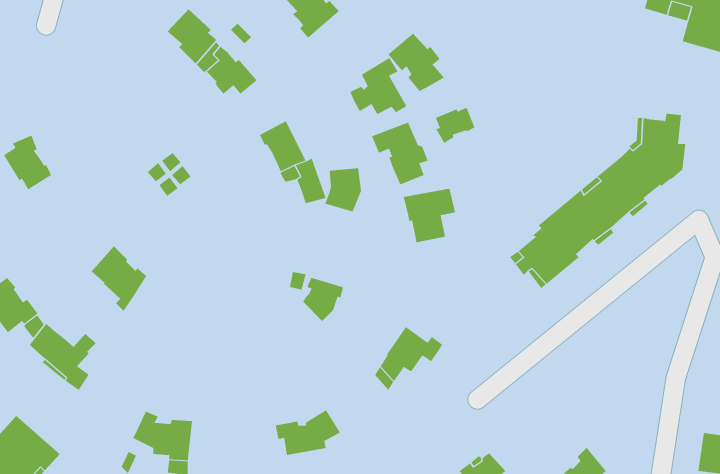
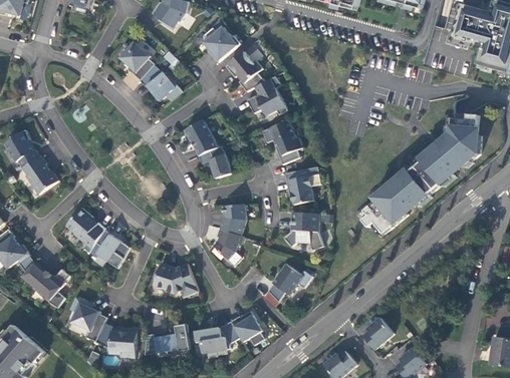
building: [387,33,445,92] -> [224,49,264,90]
building: [435,107,475,144] -> none
building: [324,168,362,212] -> [219,203,245,234]
building: none -> [22,154,57,194]
building: none -> [283,211,322,249]
building: none -> [95,229,122,267]
building: none -> [153,262,198,296]
building: none -> [69,296,105,340]
building: none -> [230,310,264,344]
building: none -> [361,316,393,348]
building: none -> [153,323,190,352]

